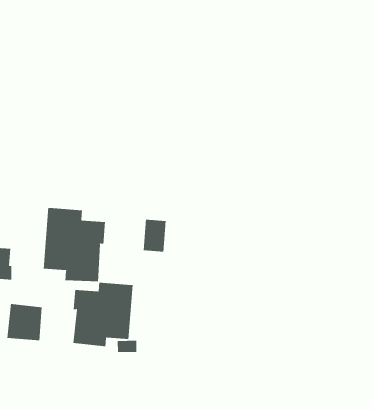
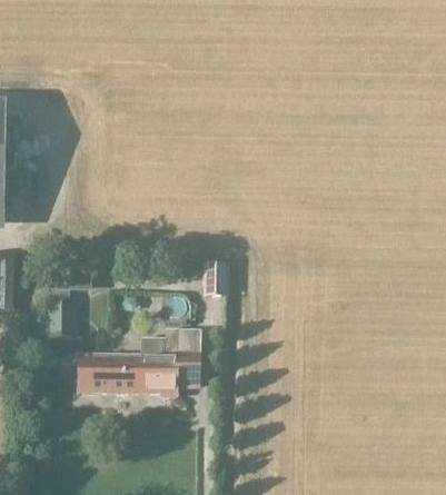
building: [43,207,105,282] -> none
building: none -> [110,358,143,392]

